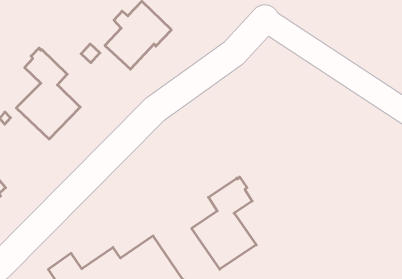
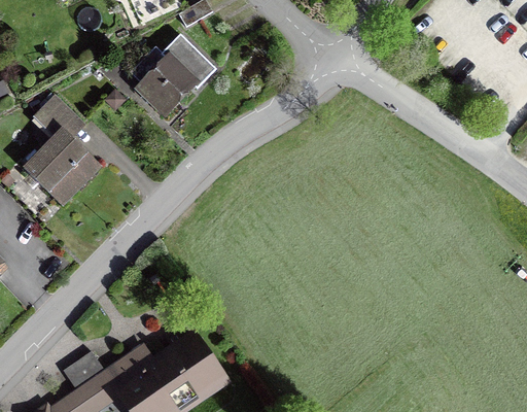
building: [192,177,256,269] -> none

